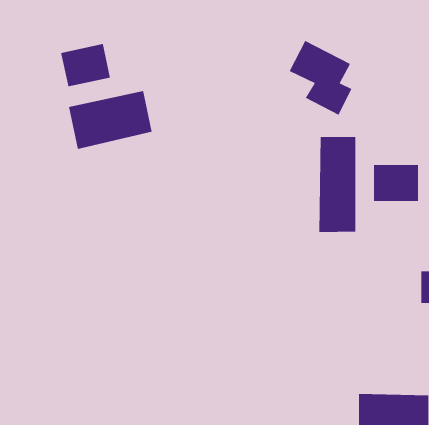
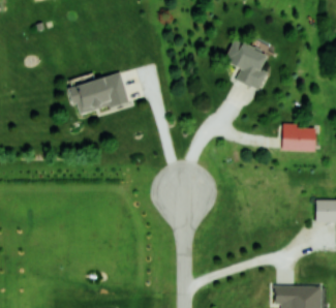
building: [60,43,111,87] -> none
building: [319,136,356,233] -> none

